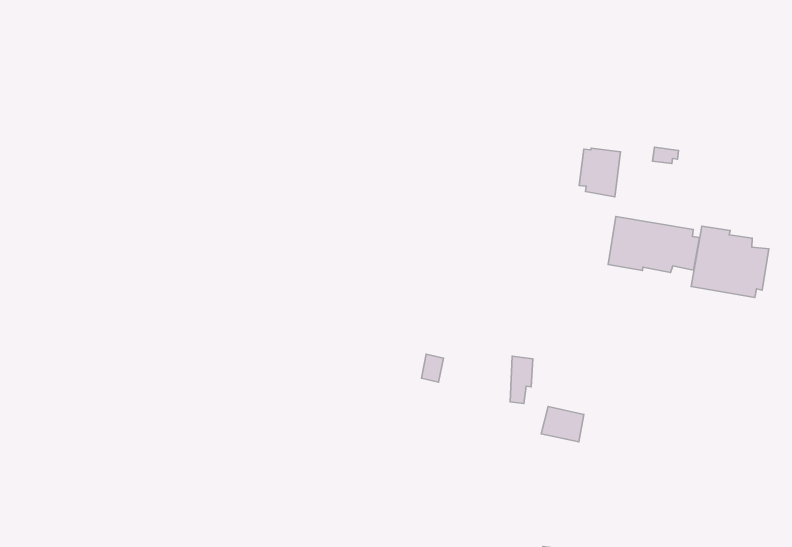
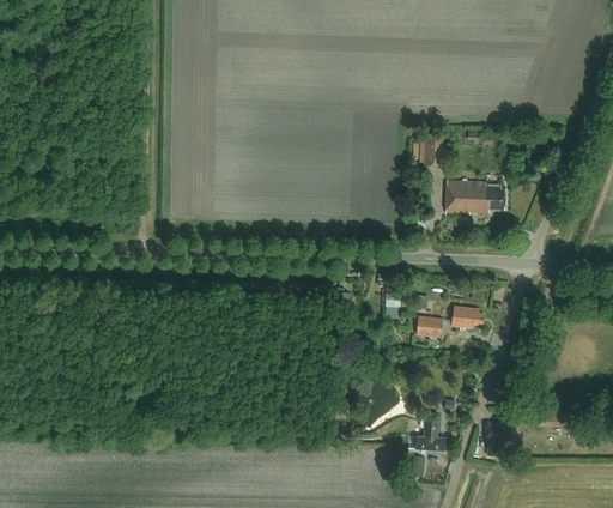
building: [691,226,769,297] -> none
building: none -> [451,304,482,331]

